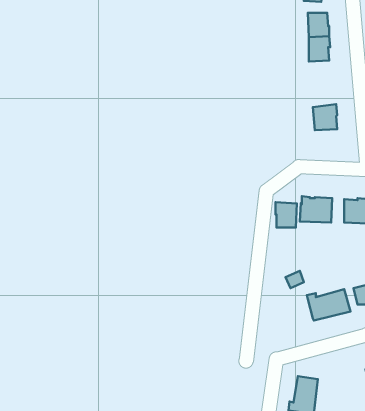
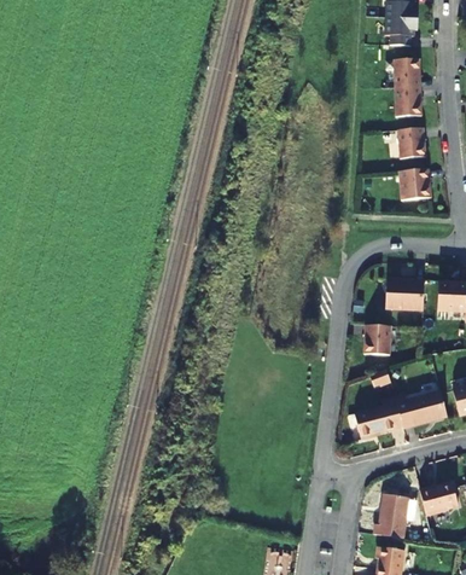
building: none -> [398,129,425,159]
building: [276,202,297,228] -> [365,325,390,355]
building: none -> [351,402,401,440]
building: none -> [418,484,458,518]

